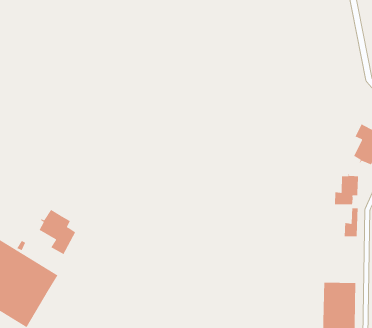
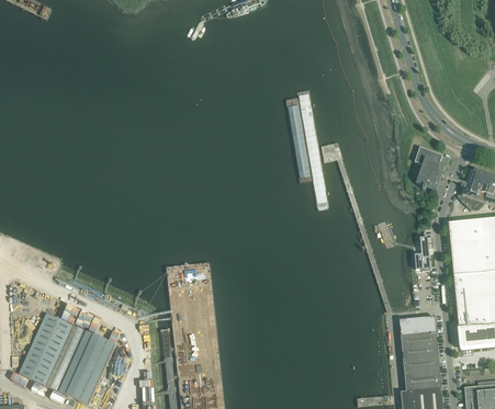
building: [334,172,359,205] -> none
building: [38,209,76,255] -> none

